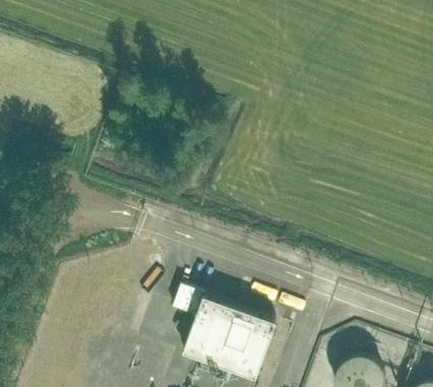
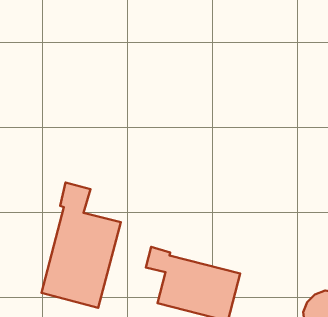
building: none -> [41,183,121,308]

